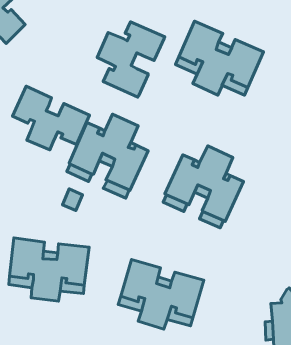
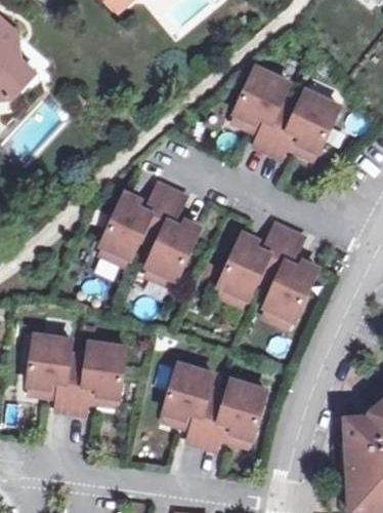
building: [97,22,165,97] -> none
building: [13,86,89,150] -> none

